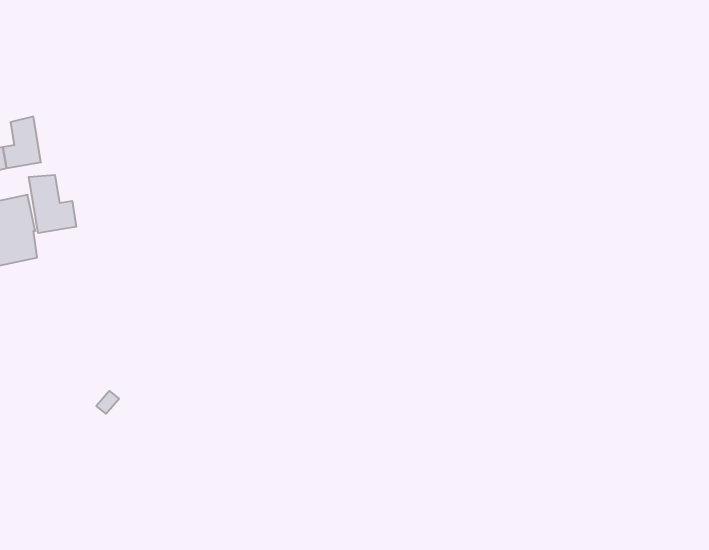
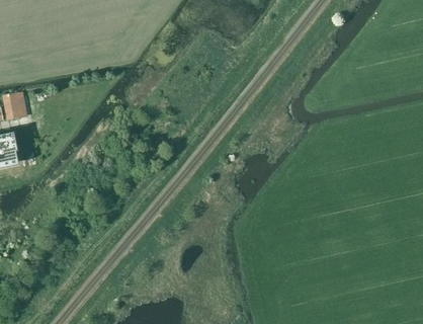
building: [29,175,76,233] -> none

